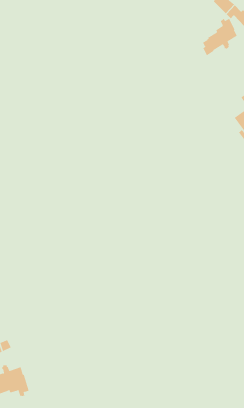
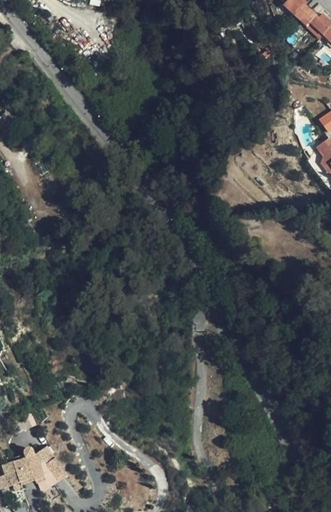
building: [202,18,238,56] -> none

